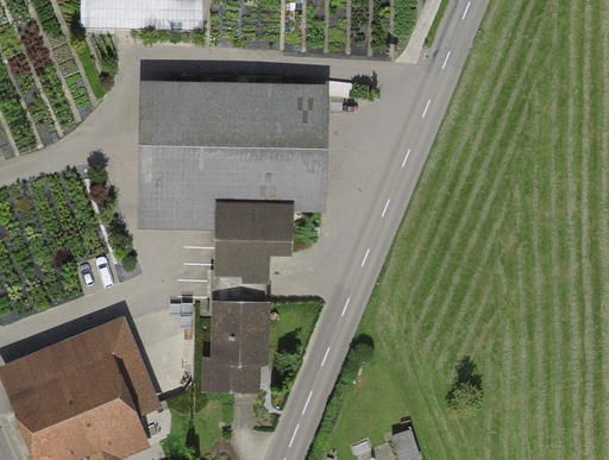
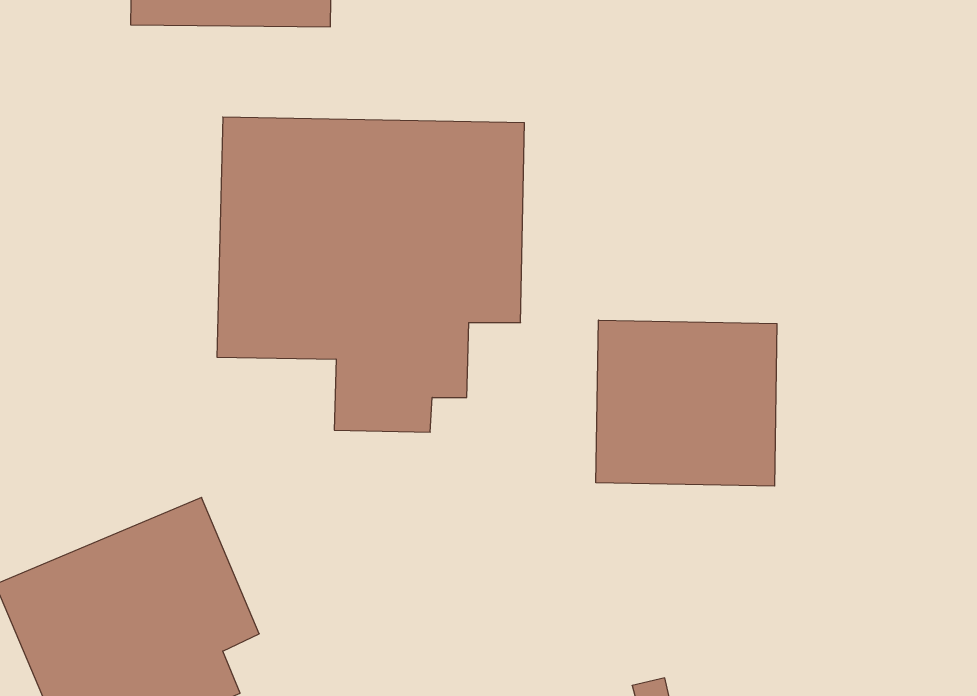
building: none -> [596,320,777,486]
building: [205,304,268,392] -> none

